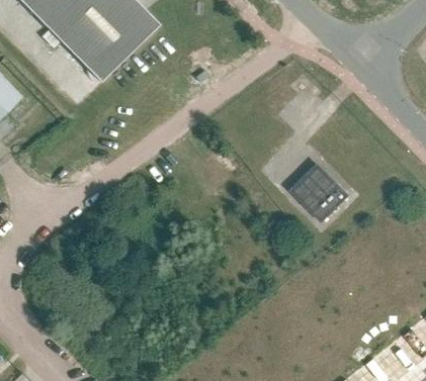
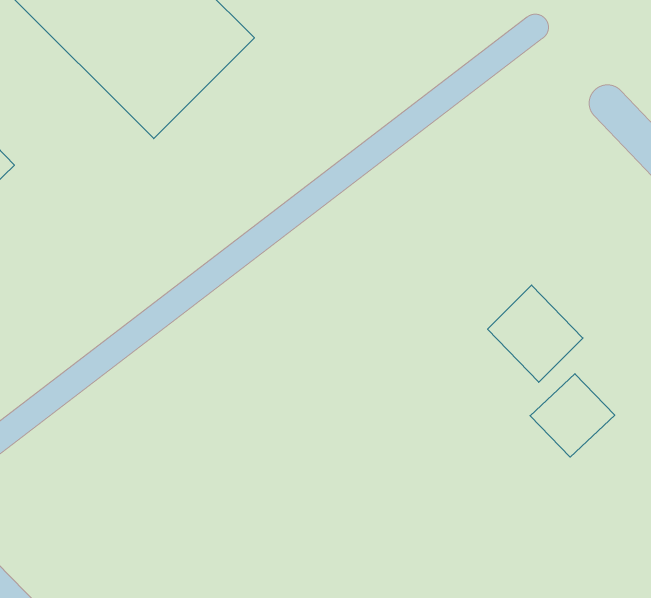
building: none -> [530,374,615,457]

